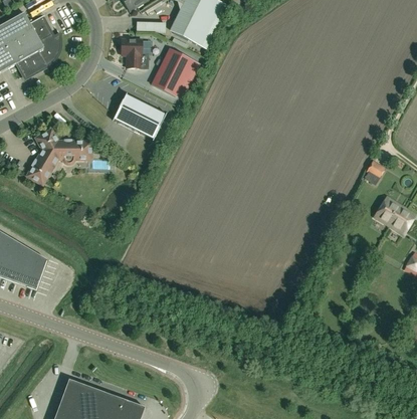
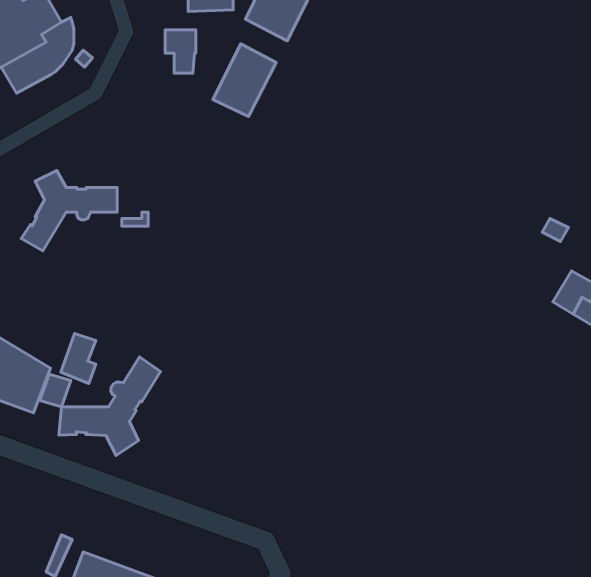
building: [113,93,166,139] -> none
building: none -> [61,333,96,383]
building: none -> [59,357,160,455]

